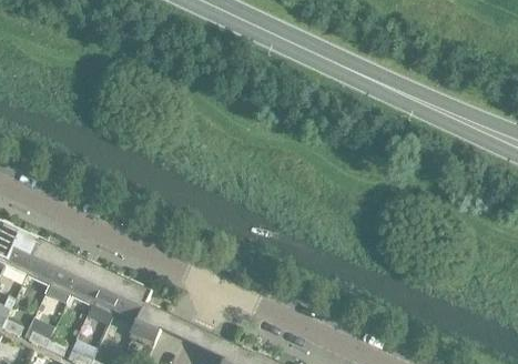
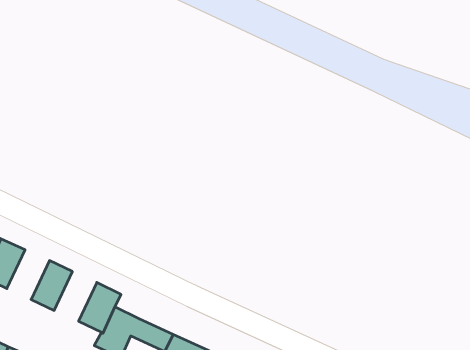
building: [47,252,85,297] -> none
building: [85,272,129,327] -> none

